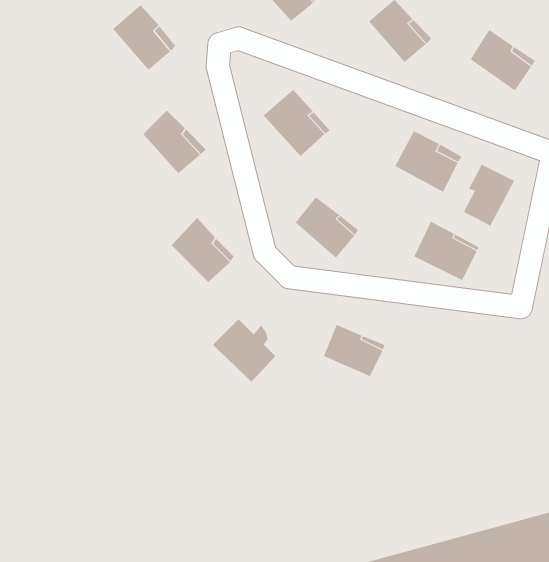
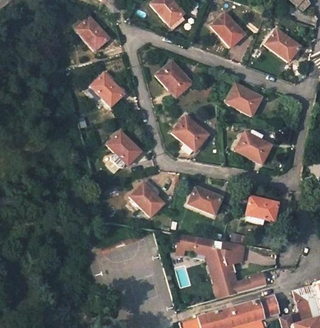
building: [463,164,515,227] -> none
building: none -> [246,196,277,221]
building: none -> [176,236,268,300]

